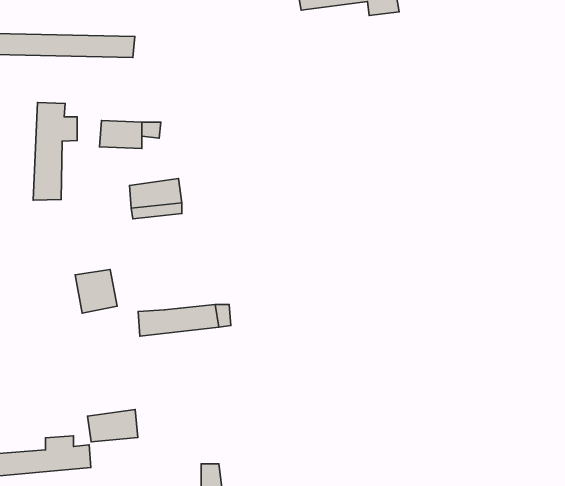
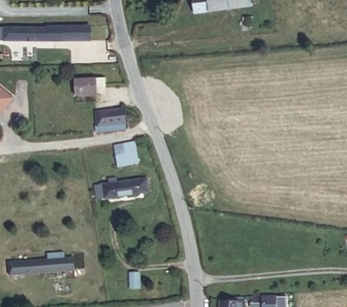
building: [33,103,77,200] -> none
building: [75,269,117,313] -> [114,140,138,166]
building: [87,410,138,442] -> none

